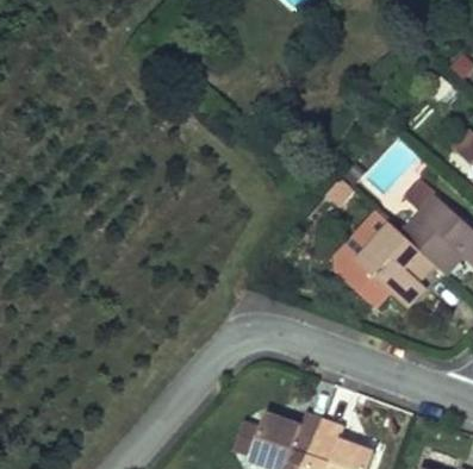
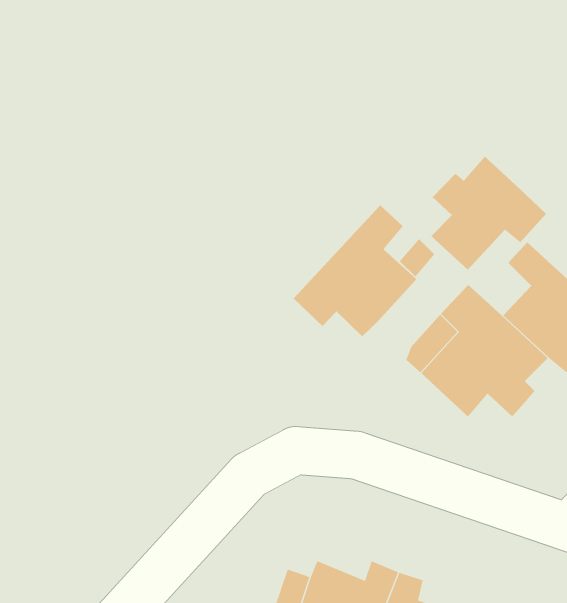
building: none -> [431,156,547,270]
building: none -> [293,204,417,337]

